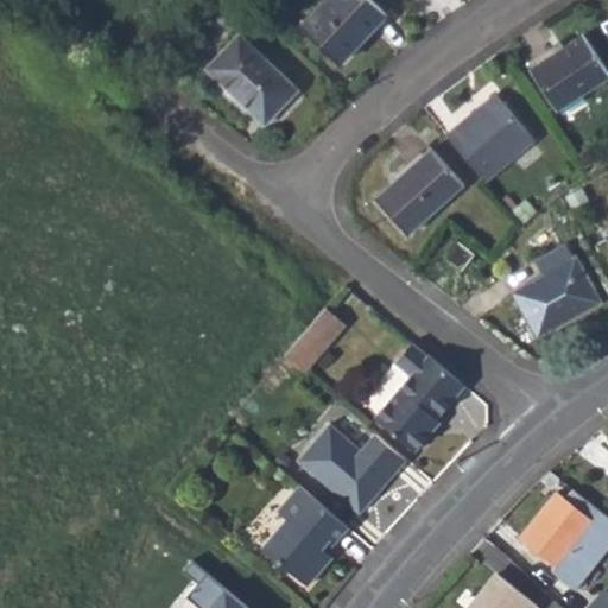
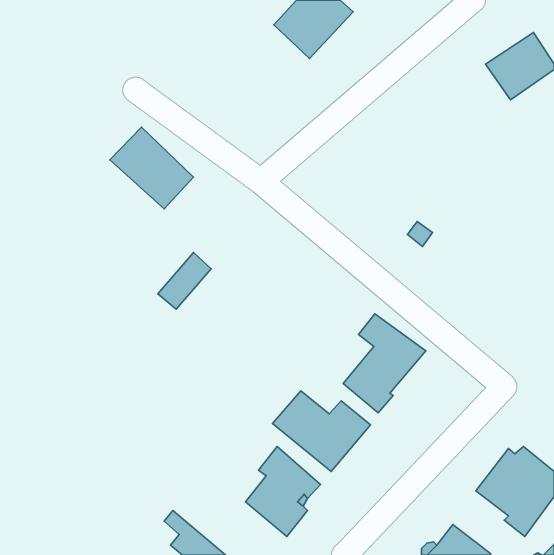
building: [205,33,297,122] -> [110,127,193,209]
building: [446,95,533,182] -> none
building: [375,150,462,234] -> none
building: [514,243,596,334] -> none
building: [280,315,338,376] -> [158,253,211,309]

